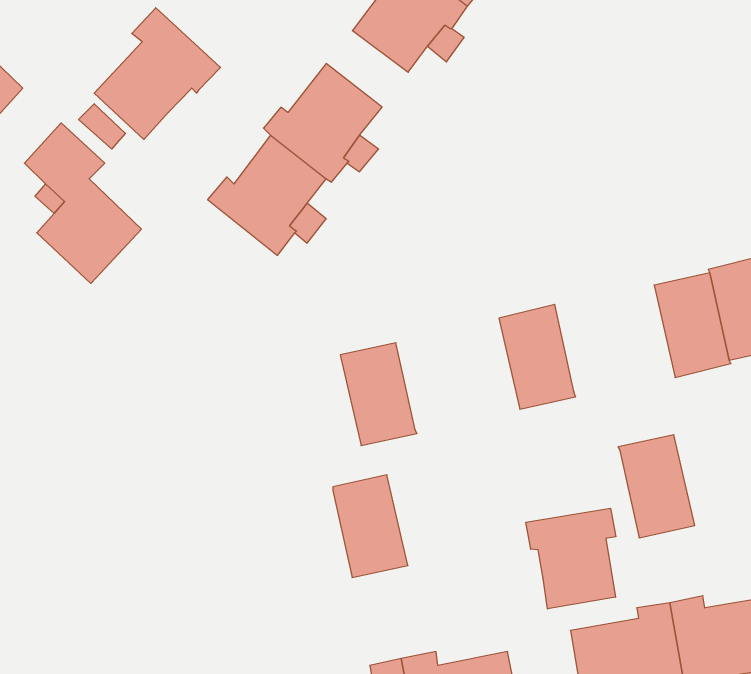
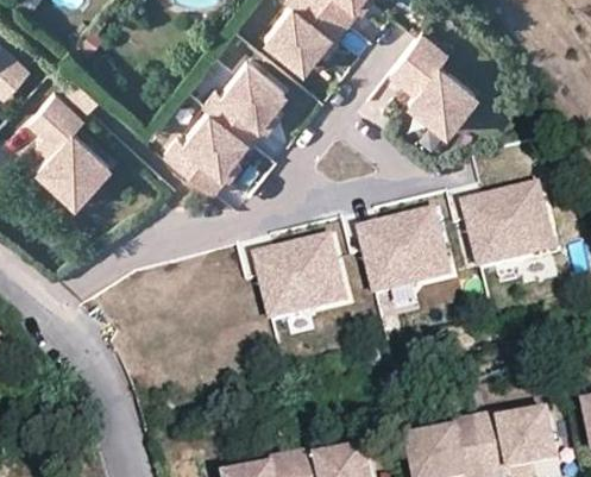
building: [94,8,221,139] -> none
building: none -> [390,29,476,126]
building: [618,435,695,538] -> [396,207,448,277]
building: [333,475,408,578] -> [289,233,340,303]
building: [526,508,616,609] -> none

